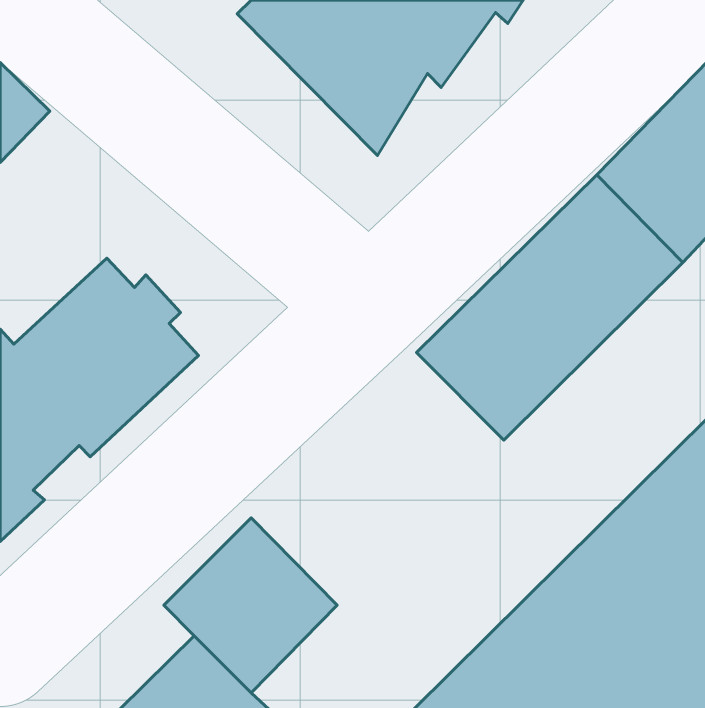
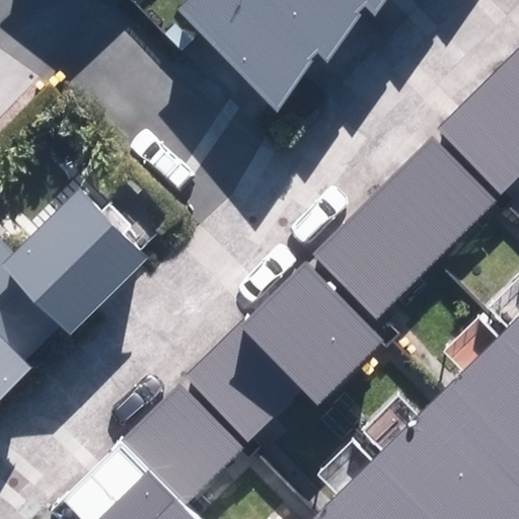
building: none -> [187,258,384,443]

